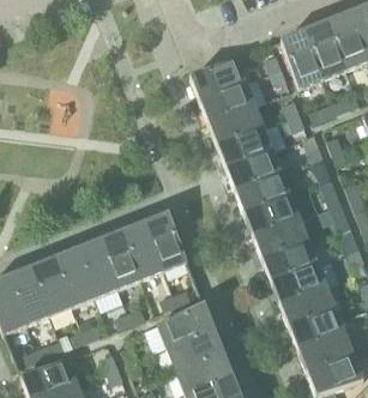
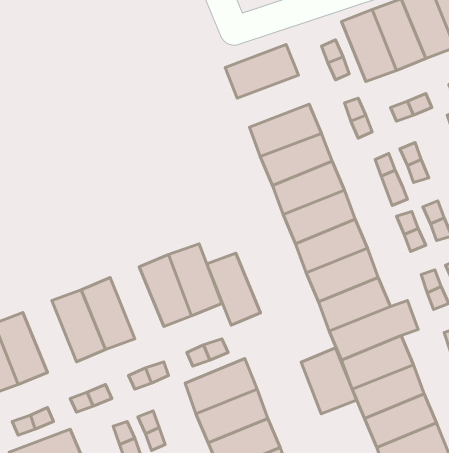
building: [199,82,255,122] -> none
building: [99,231,141,288] -> [207,253,260,325]
building: [31,258,73,314] -> none
building: none -> [301,348,357,414]

